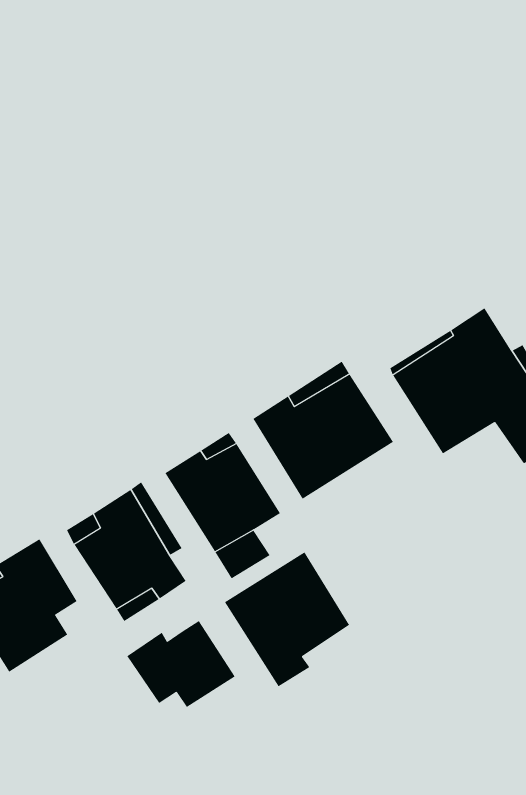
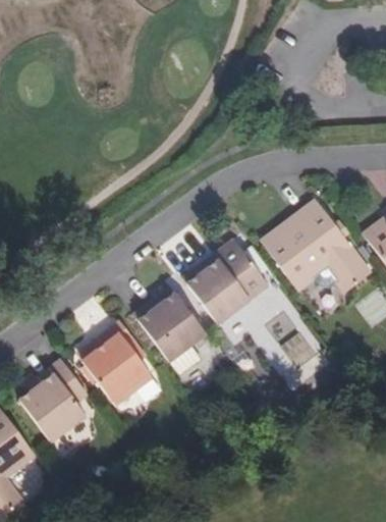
building: [224,552,350,687] -> none
building: [126,620,235,708] -> none

